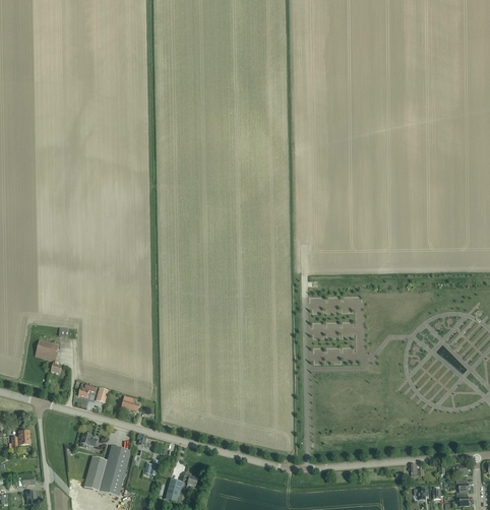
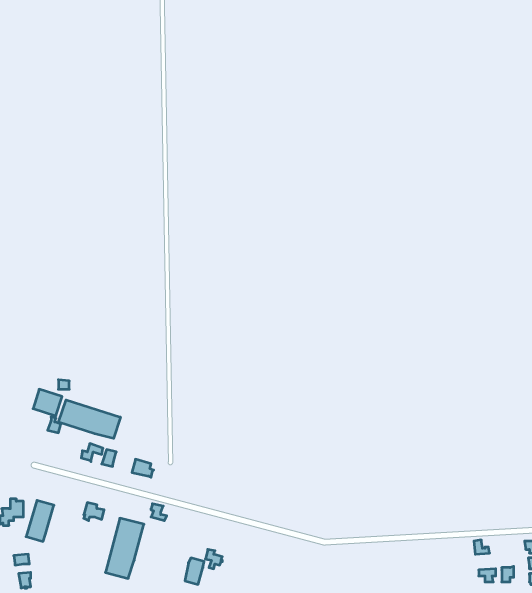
building: none -> [59,400,120,438]
building: [83,456,107,491] -> [26,500,54,541]

